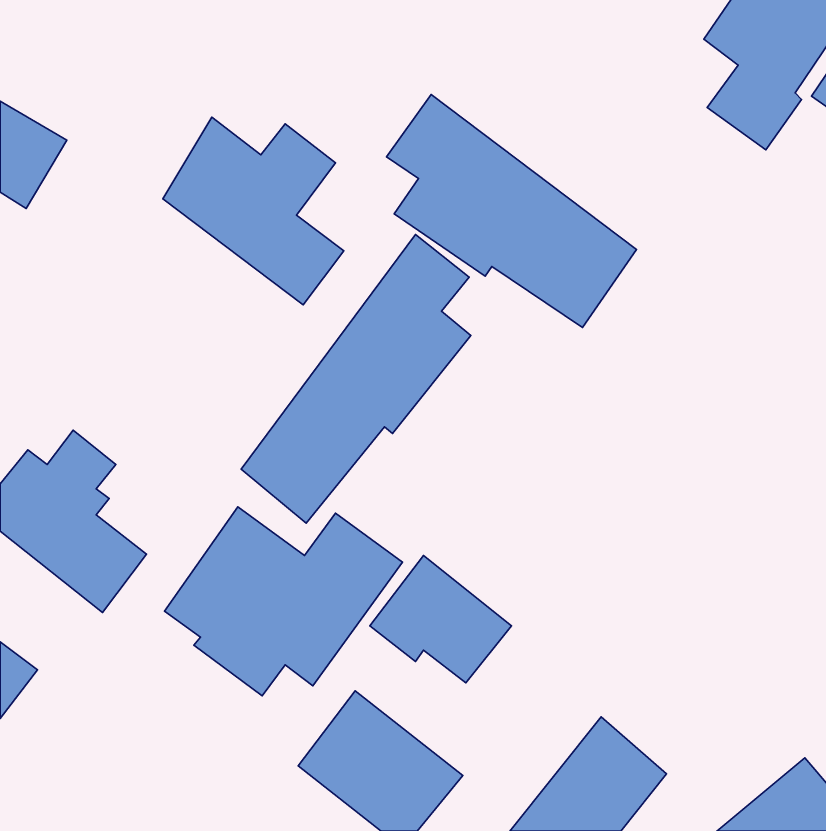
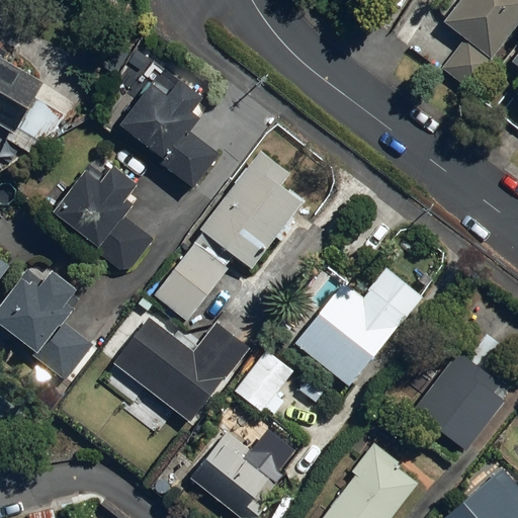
building: [386,94,637,327] -> none
building: none -> [42,143,159,277]
building: none -> [289,268,420,387]
building: none -> [411,351,509,450]

